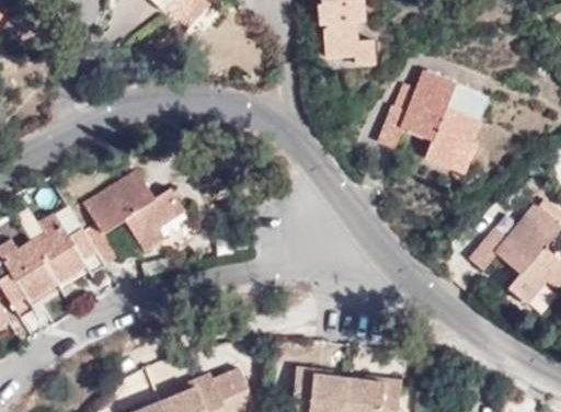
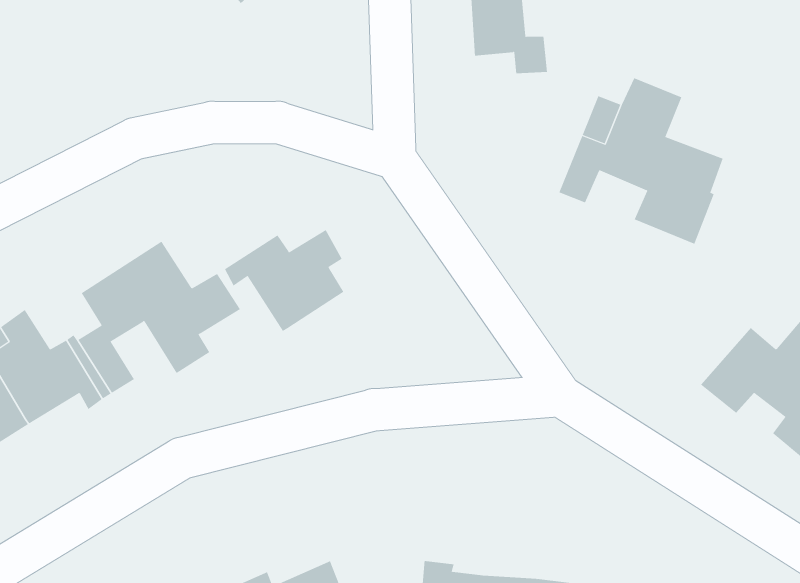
building: none -> [224,229,344,332]

